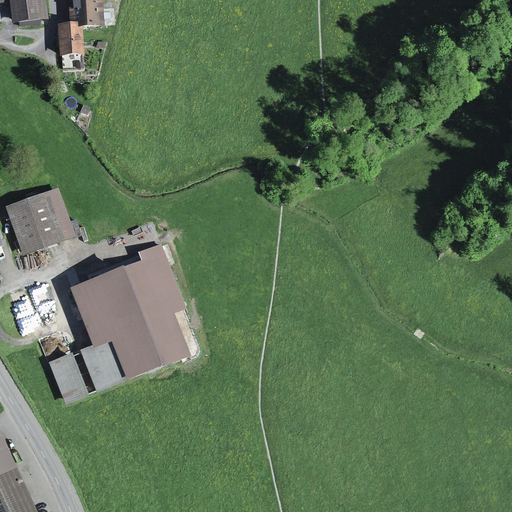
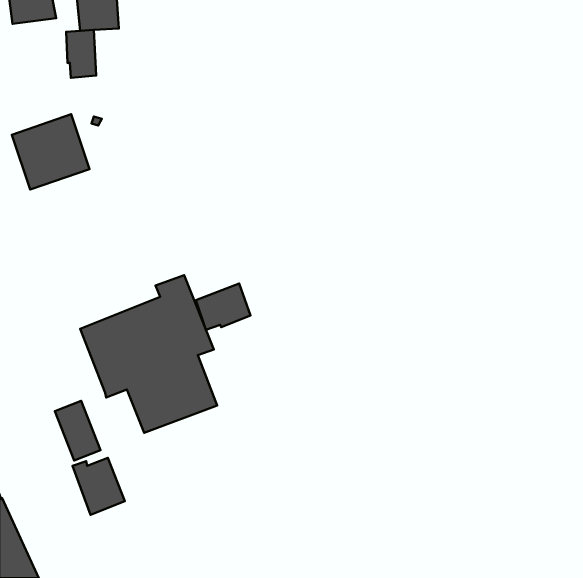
building: [6,187,74,253] -> [12,114,89,190]
building: none -> [196,284,250,330]
building: [80,341,126,391] -> [72,458,125,515]

